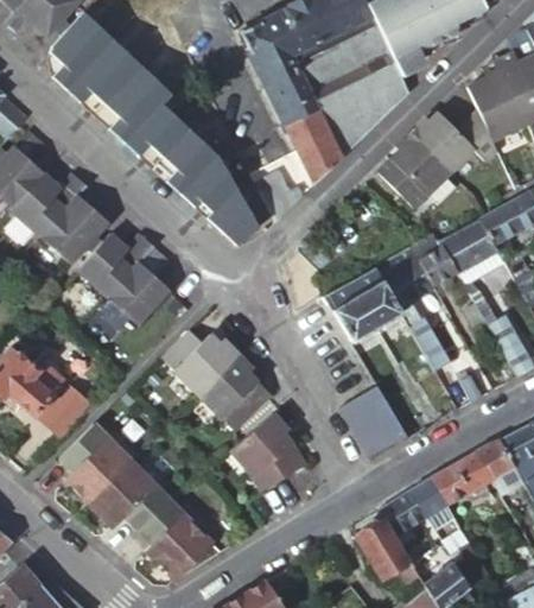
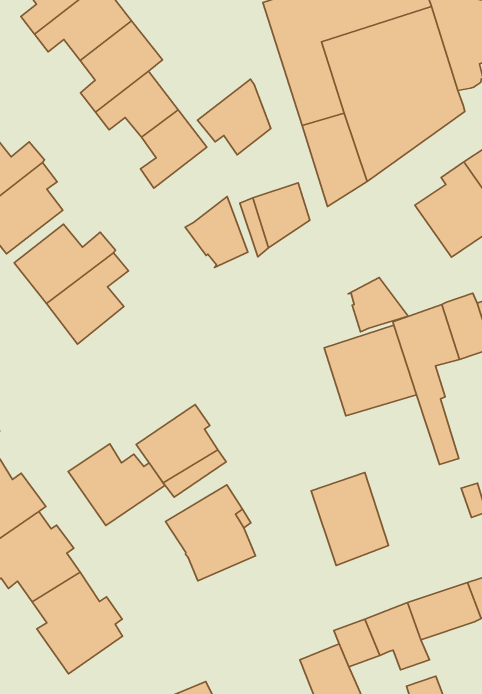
building: [177,153,235,214] -> [197,79,271,155]
building: none -> [348,278,408,332]
building: [161,330,239,394] -> [68,444,165,526]

